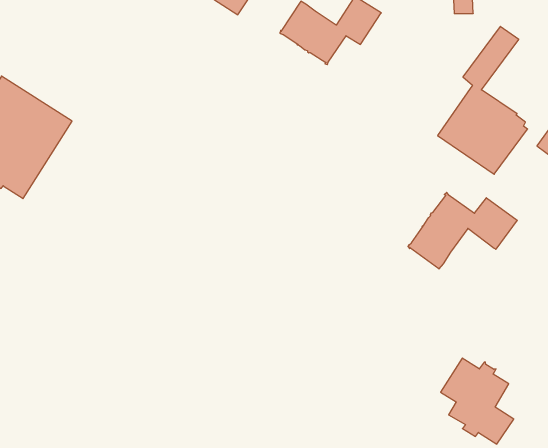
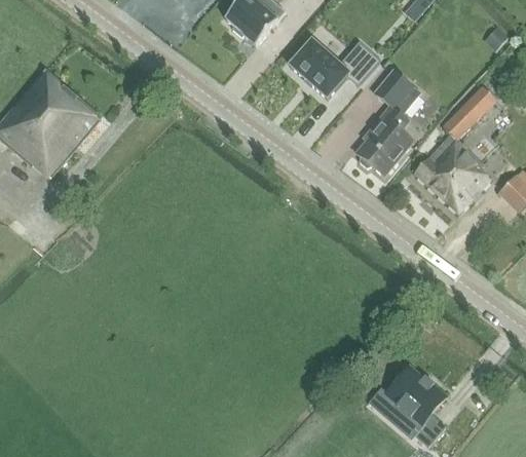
building: none -> [356,70,420,175]
building: [408,192,517,269] -> none

